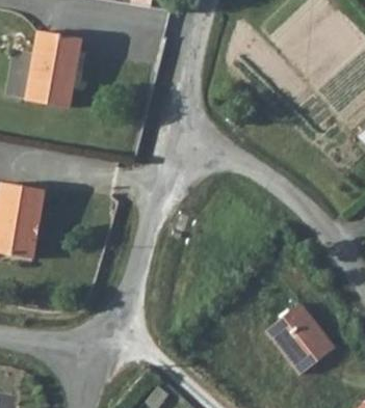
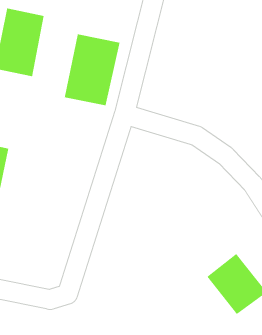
building: none -> [64,33,120,106]

